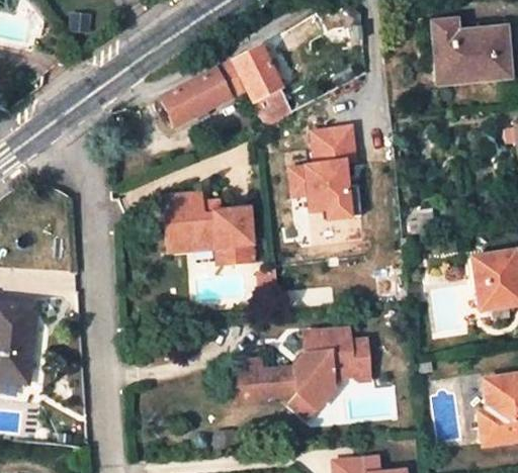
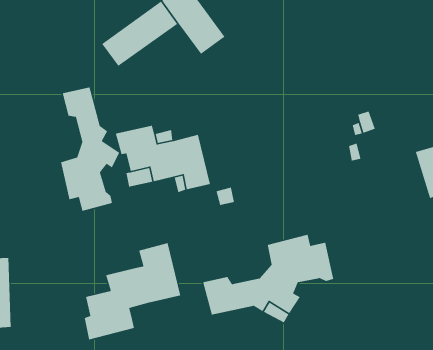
building: [285,123,357,220] -> none
building: none -> [60,87,120,212]
building: none -> [84,242,181,341]

